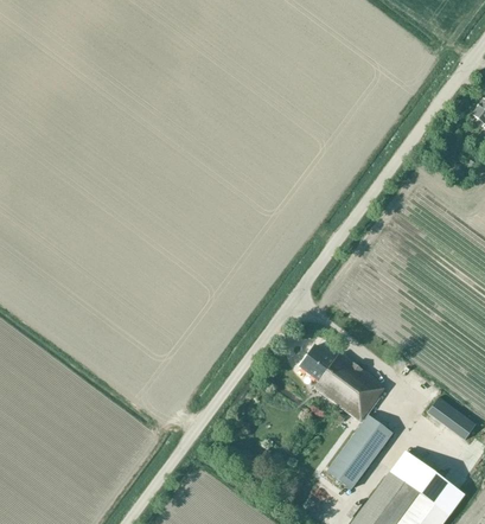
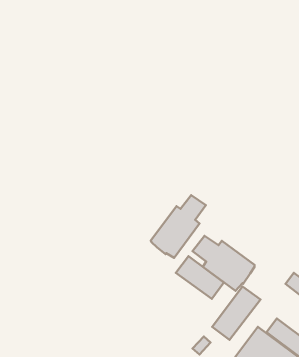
building: none -> [151,195,206,258]
building: none -> [176,256,224,299]

